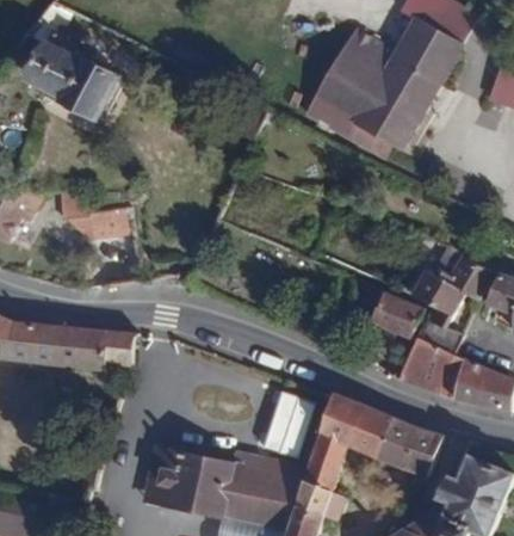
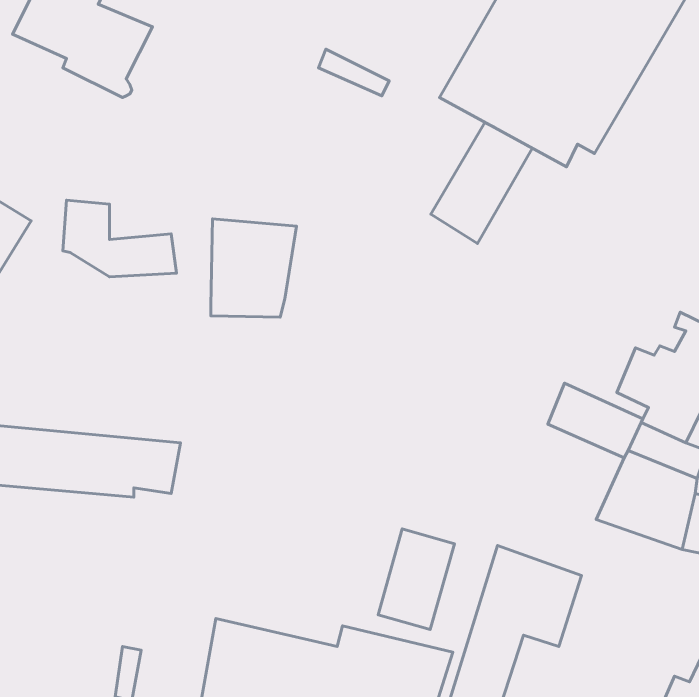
building: none -> [431,123,532,243]
building: none -> [211,219,297,317]
building: [374,418,446,479] -> none

